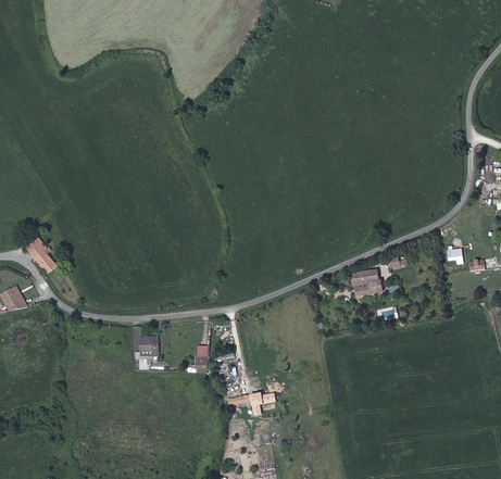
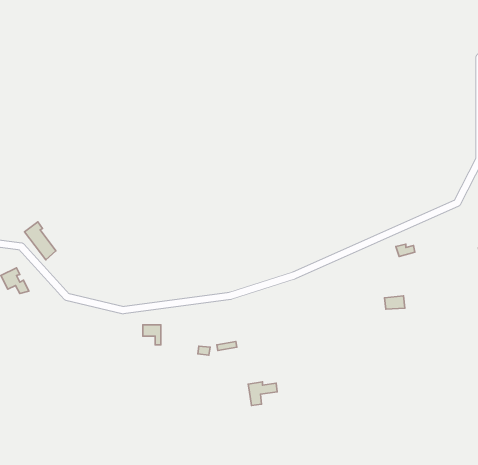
building: [351,269,380,297] -> none

